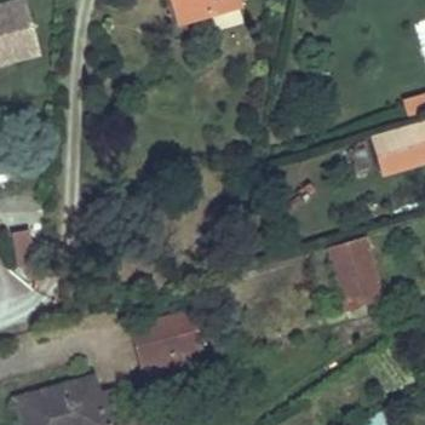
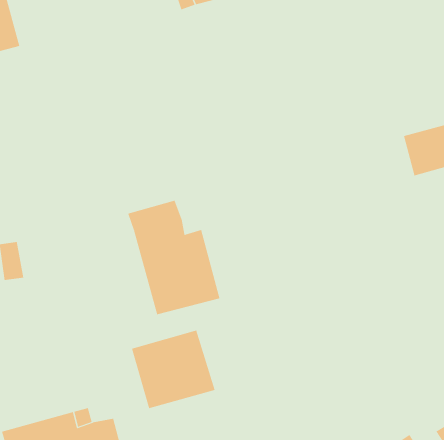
building: none -> [128,200,220,315]
building: [326,234,375,304] -> none

